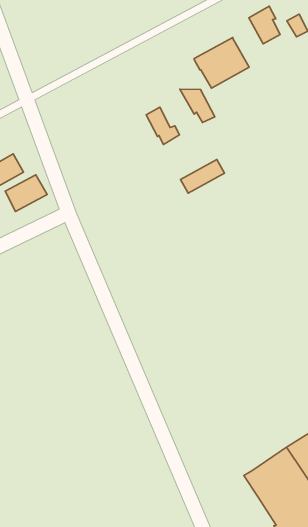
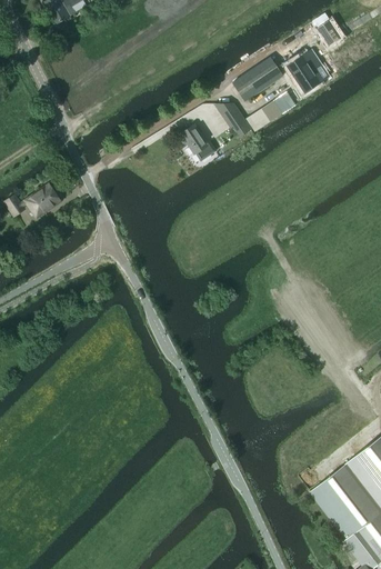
building: [249,6,280,44] -> [291,50,324,89]
building: [180,159,225,193] -> [245,96,290,132]
building: [5,175,47,212] -> none

